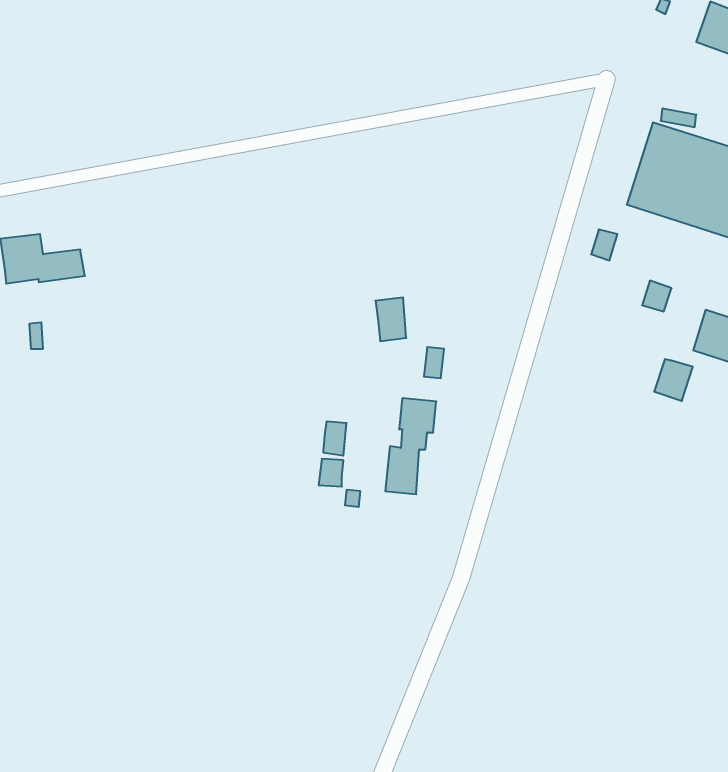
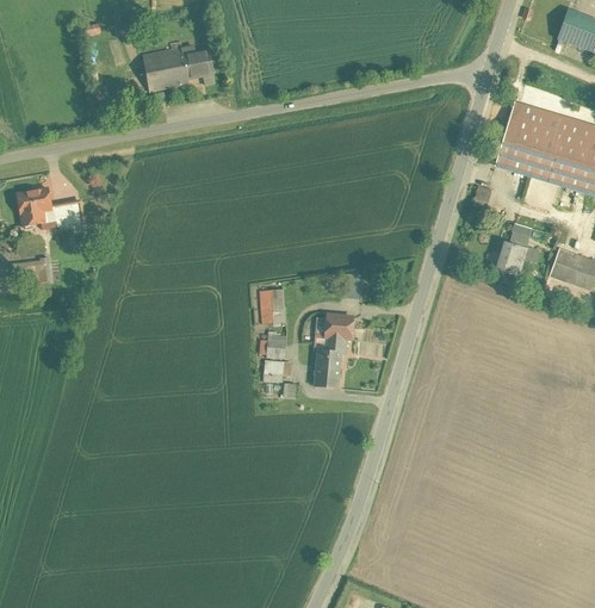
building: none -> [142,48,211,87]
building: [375,298,406,341] -> [258,289,281,322]
building: [654,359,693,401] -> [497,241,527,273]

